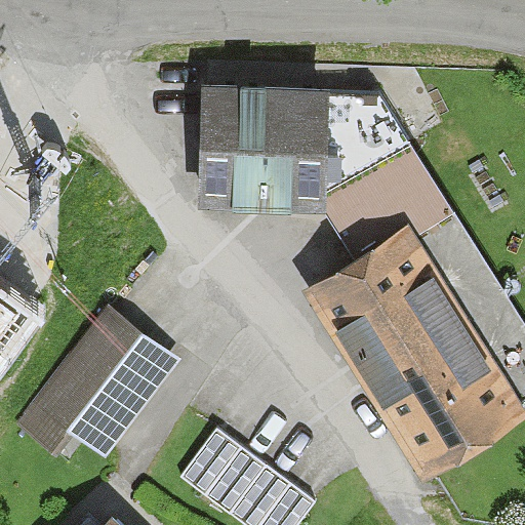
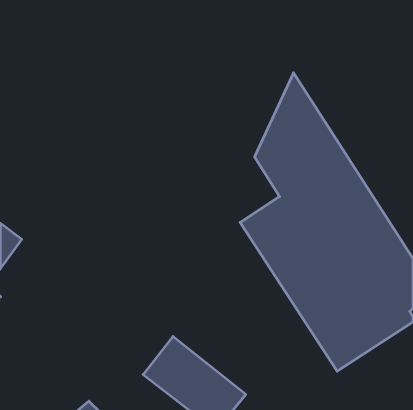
building: [200,83,372,203] -> none
building: [18,307,179,457] -> none

